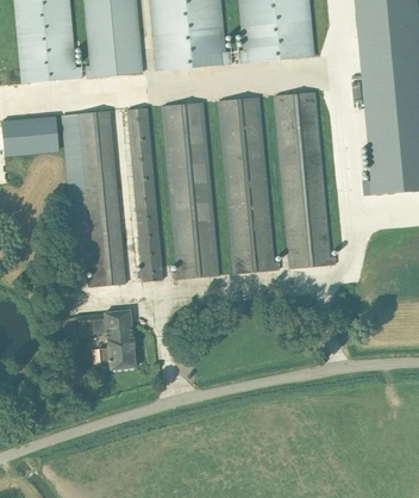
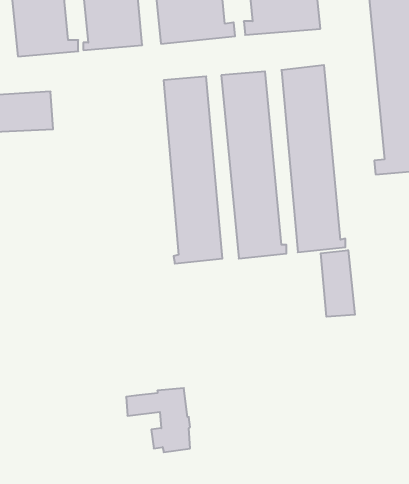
building: [127,107,164,281] -> none
building: [65,110,126,287] -> none
building: none -> [321,250,355,317]
building: [75,309,136,369] -> [126,388,190,452]

